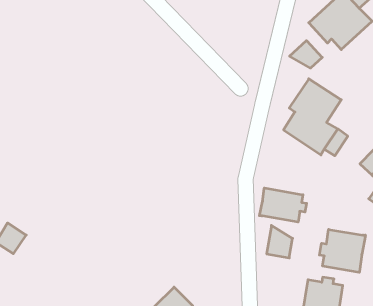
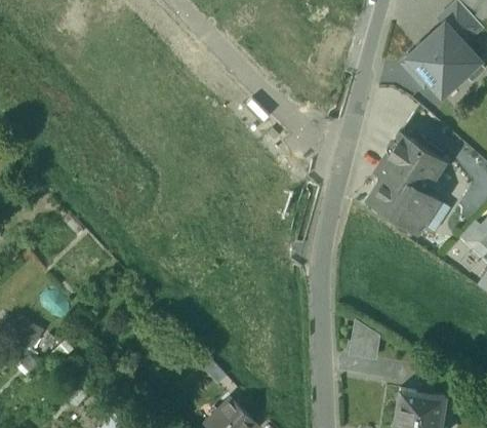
building: [290,41,322,68] -> none
building: [259,188,307,222] -> none
building: [319,229,365,272] -> none

